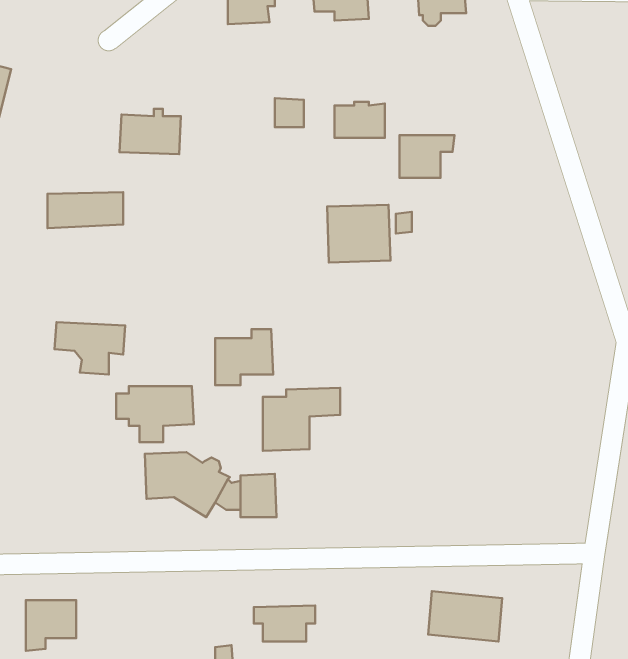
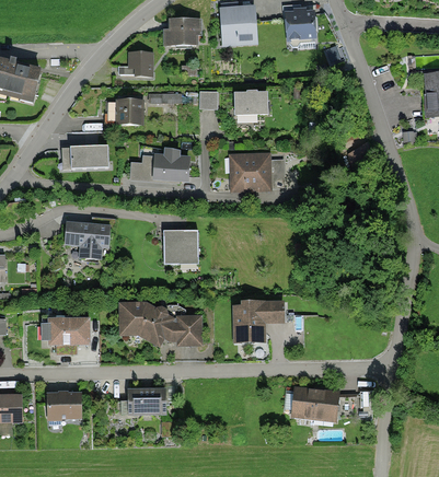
building: none -> [118,51,153,77]
building: [399,135,454,178] -> none
building: none -> [130,149,188,179]
building: [116,386,194,442] -> [42,318,89,352]
building: [263,388,340,451] -> [235,301,282,339]
building: [254,605,315,642] -> [128,389,165,411]

